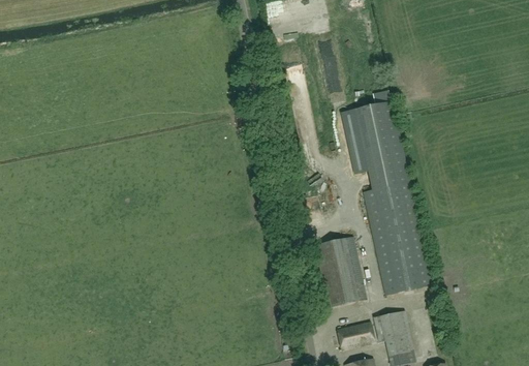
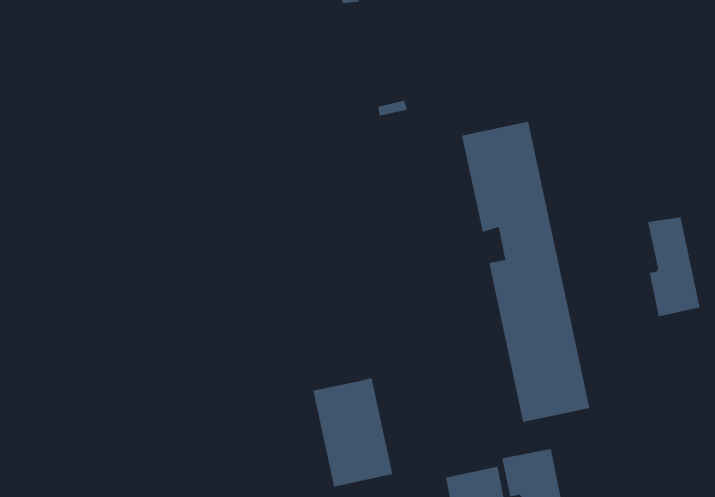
building: none -> [648,216,700,317]
building: [314,236,366,306] -> [313,378,393,487]

